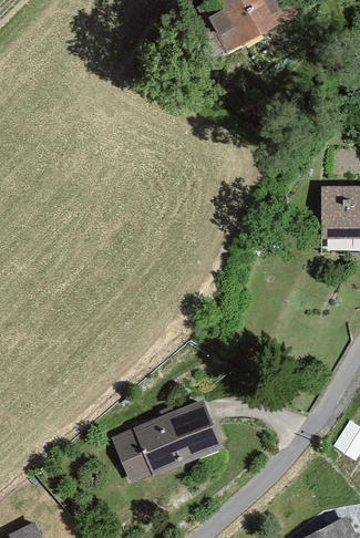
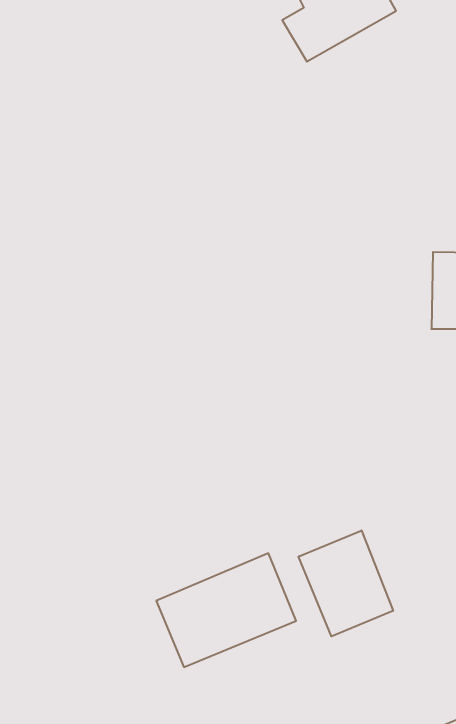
building: none -> [299,530,393,636]

